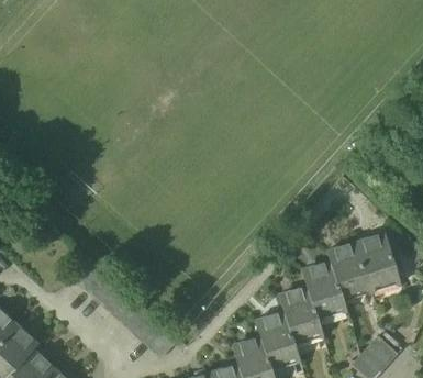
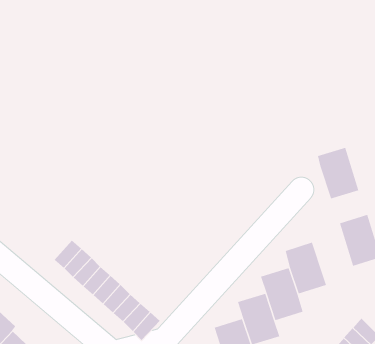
building: [329,243,370,294] -> [317,147,359,199]

